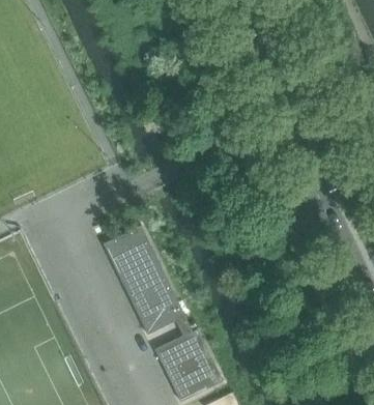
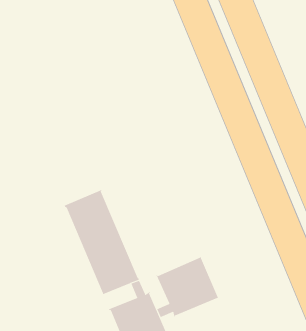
building: none -> [156,256,219,318]

